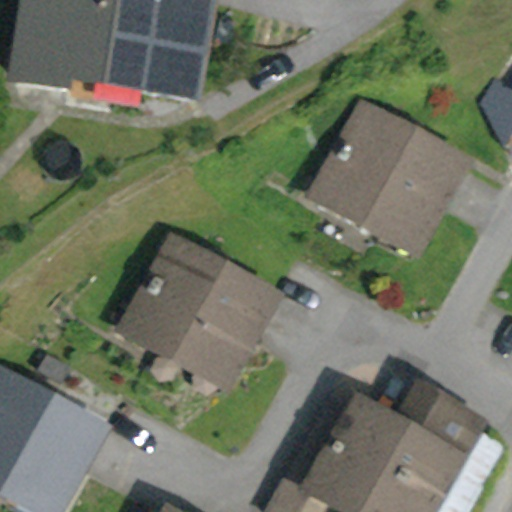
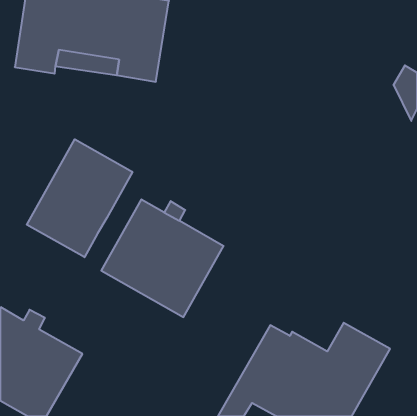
building: [315,111,464,254] -> none
building: none -> [27,139,132,257]

